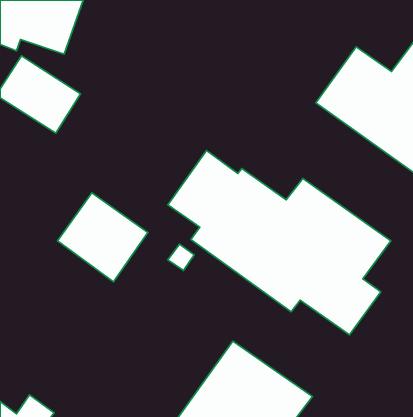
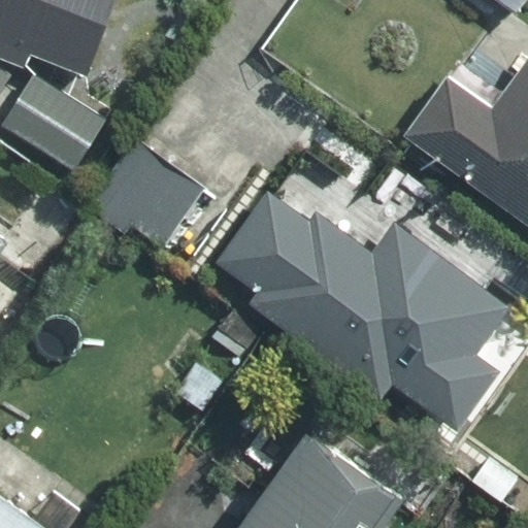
building: [57,193,148,282] -> [94,142,207,254]

